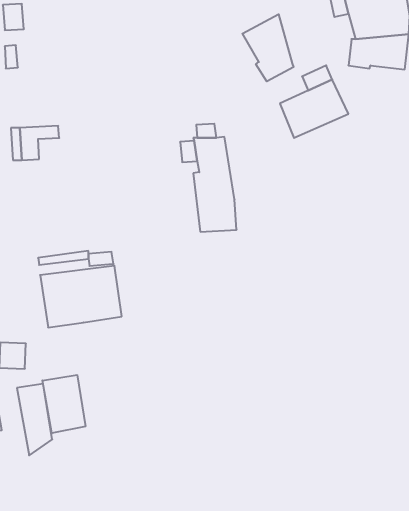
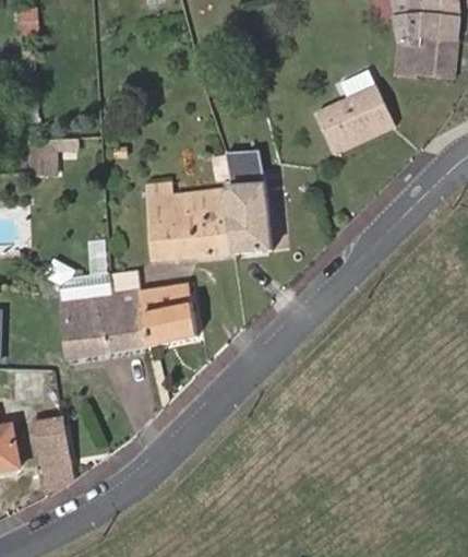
building: [242,14,294,81] -> none
building: none -> [147,182,232,260]
building: none -> [140,283,197,344]
building: [42,375,85,433] -> none

